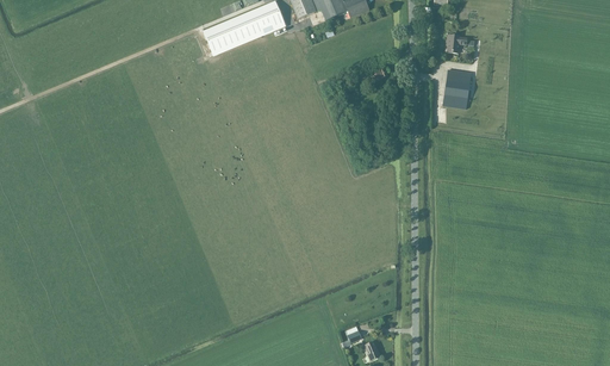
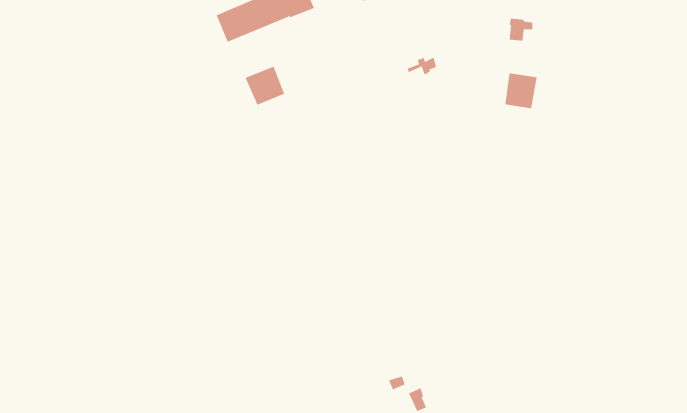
building: none -> [245,66,285,105]

